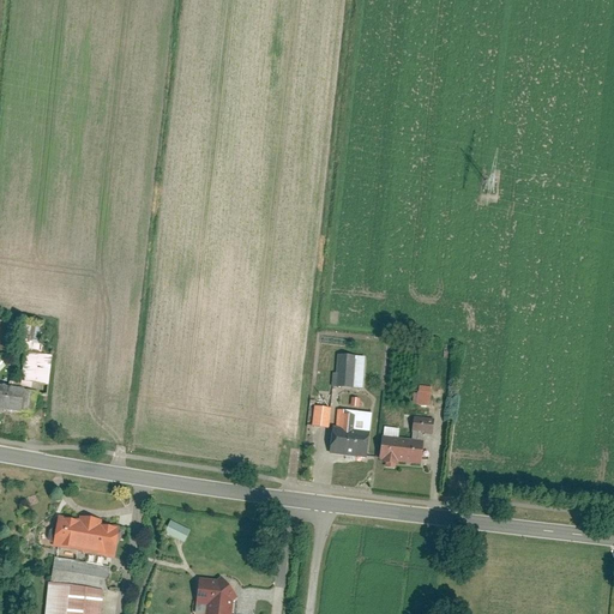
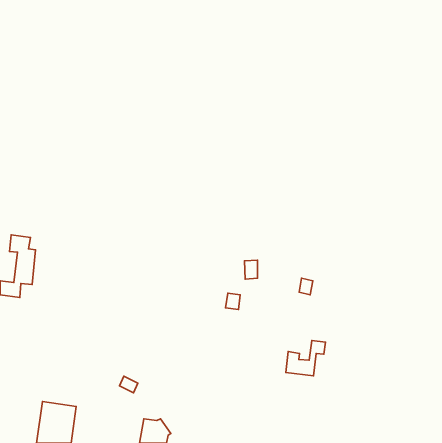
building: [327,413,367,458] -> none
building: [377,416,432,465] -> [286,340,326,376]
building: [54,517,114,549] -> none

